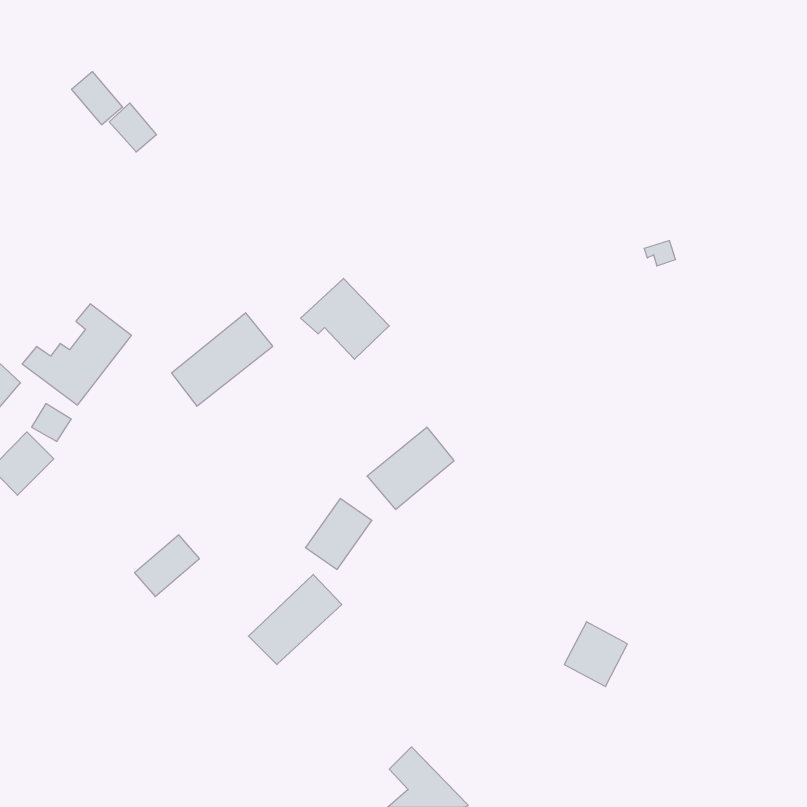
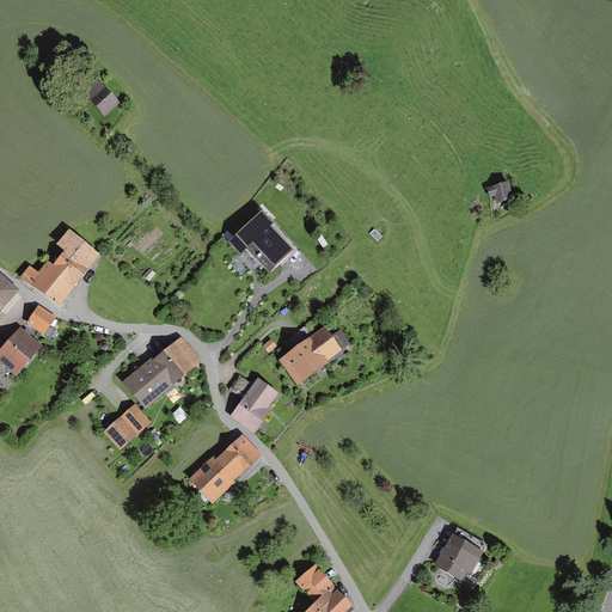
building: [72,72,123,125] -> none
building: [172,313,273,406] -> [124,337,201,408]
building: [564,622,627,687] -> [436,532,484,581]

